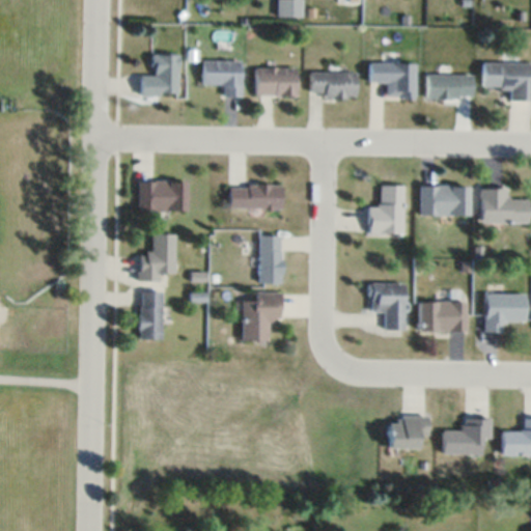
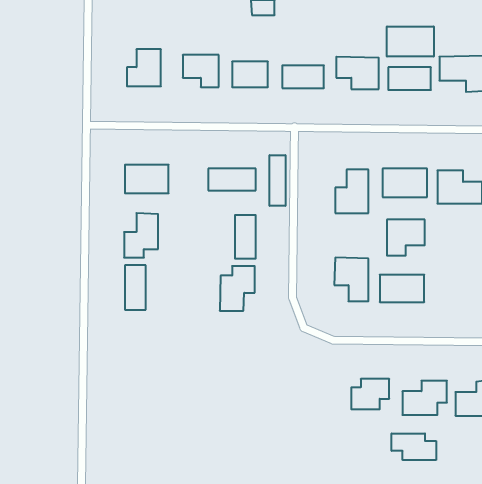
building: none -> [387,26,434,57]
building: none -> [270,155,285,206]
building: [484,292,526,332] -> [387,220,425,256]
building: none -> [392,433,436,460]

